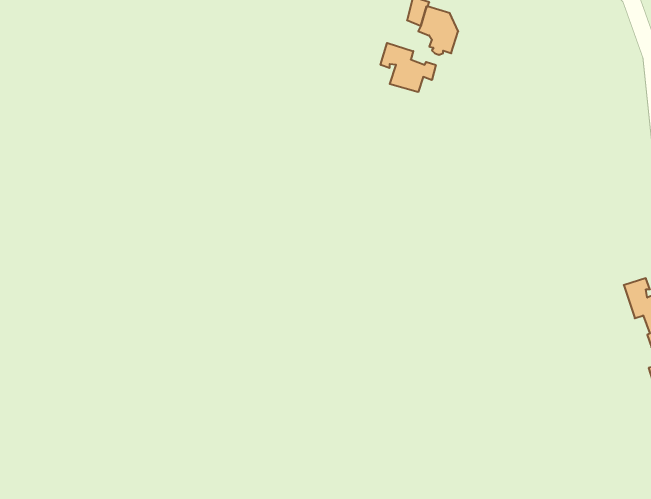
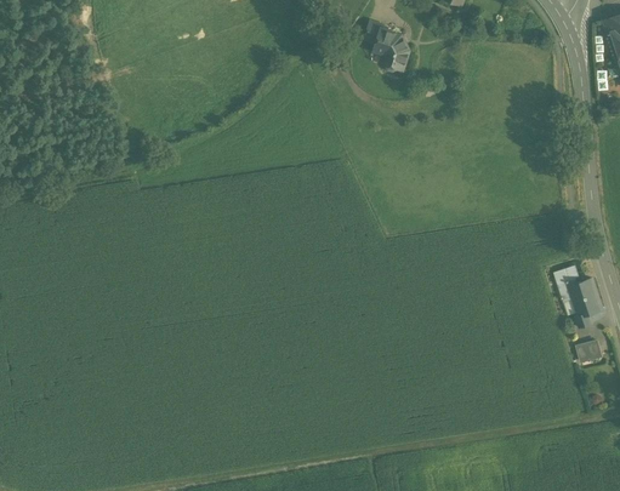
building: [381,43,436,92] -> none

